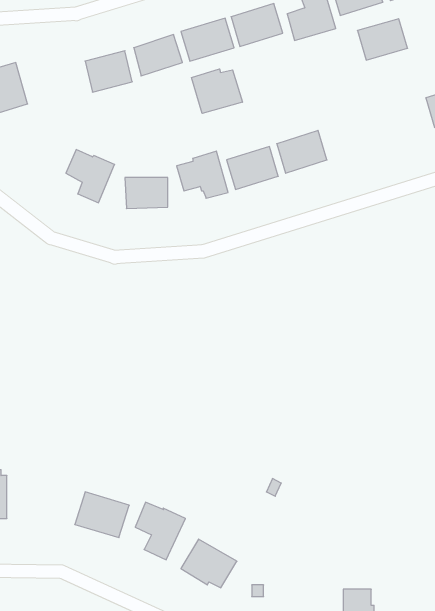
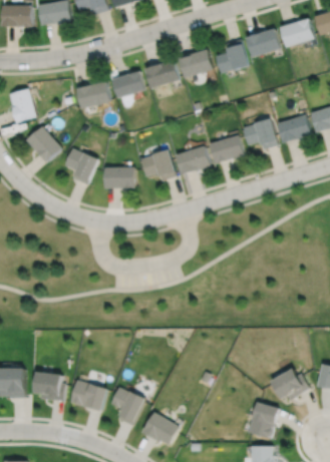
building: [357,19,408,60] -> [276,114,310,142]
building: [192,69,242,113] -> none
building: none -> [241,117,276,149]
building: none -> [27,126,62,162]
building: none -> [269,369,309,401]
building: none -> [34,372,65,401]
building: none -> [247,403,278,440]

